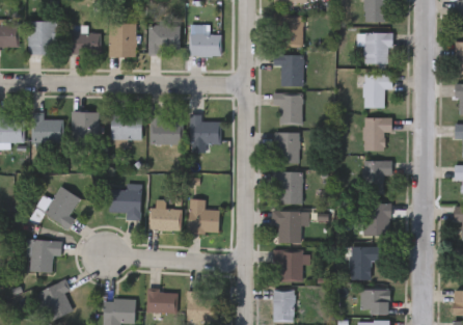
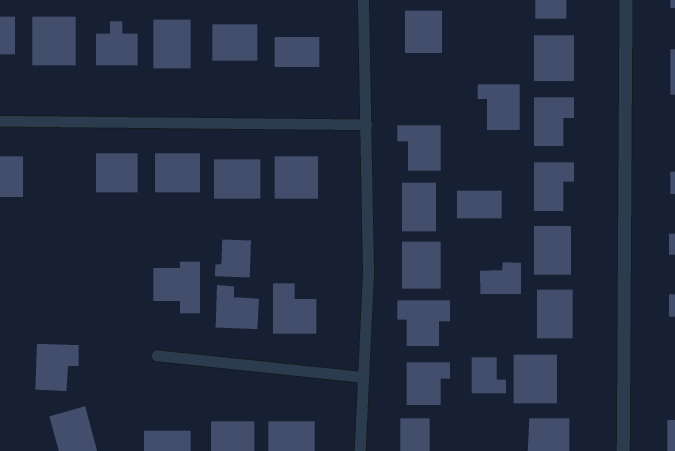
building: [274,54,303,85] -> [477,84,520,130]
building: [31,113,62,143] -> none
building: none -> [457,190,502,219]
building: none -> [214,239,251,278]
building: none -> [479,261,521,295]
building: [43,186,79,229] -> none
building: none -> [471,356,506,394]

